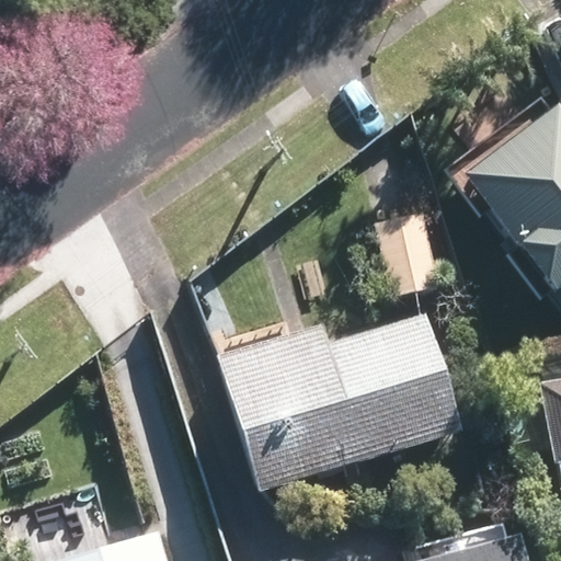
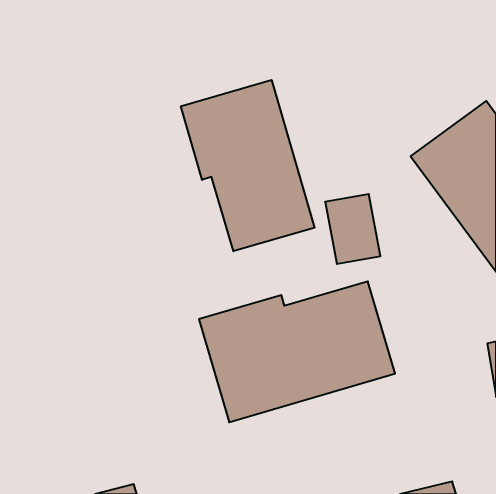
building: none -> [181,80,315,251]

